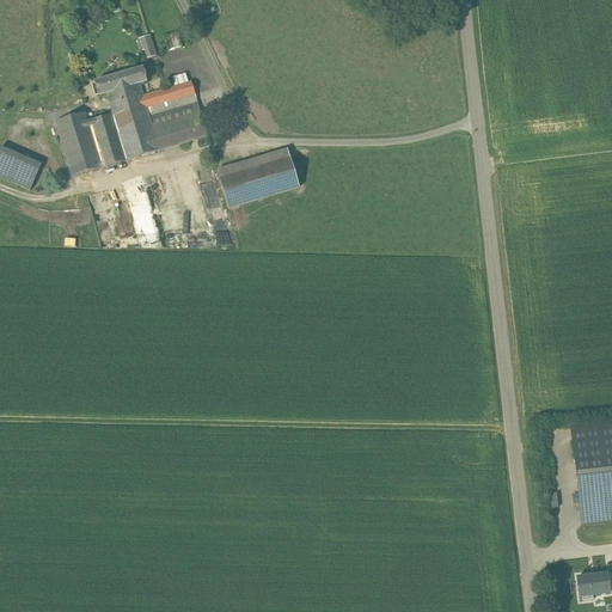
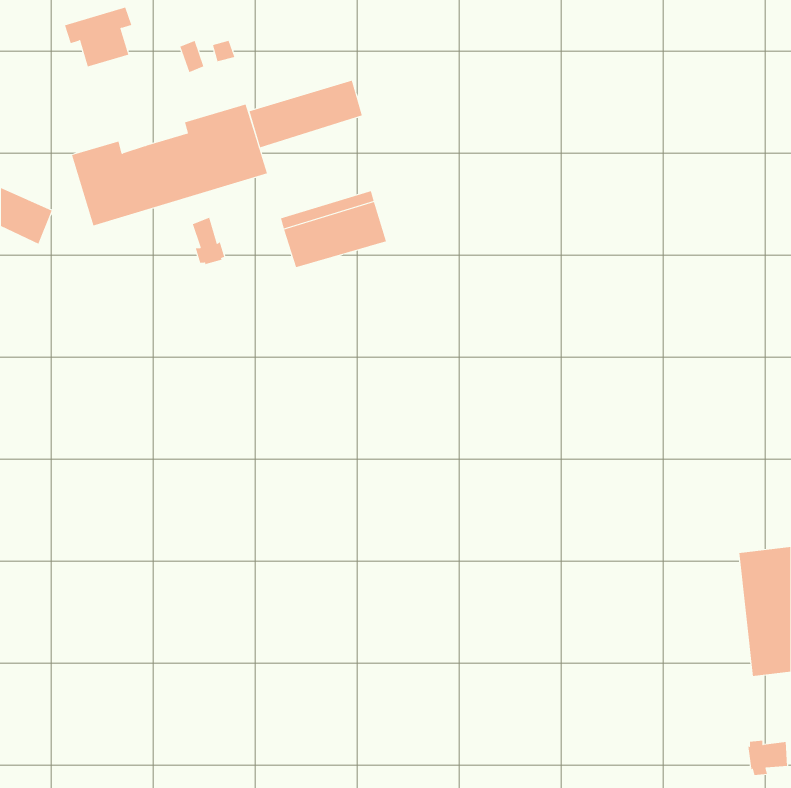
building: none -> [249,80,362,148]
building: [94,66,147,112] -> [64,7,132,67]
building: none -> [192,217,225,265]

